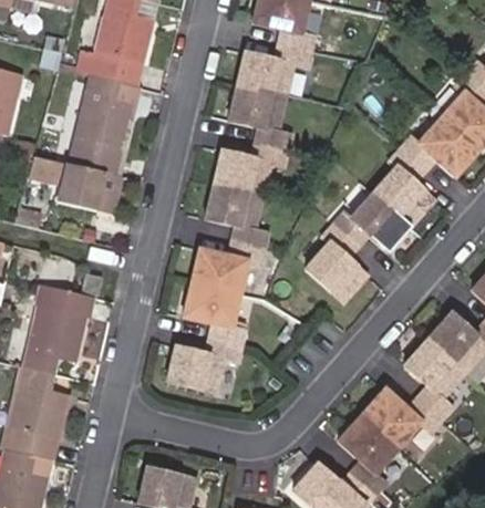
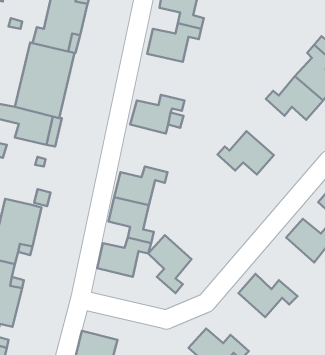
building: [228,86,290,151] -> none
building: [372,148,433,226] -> none
building: [205,184,267,249] -> none
building: [305,225,367,302] -> none
building: [403,339,465,419] -> none
building: [338,415,398,495] -> [148,235,192,293]

